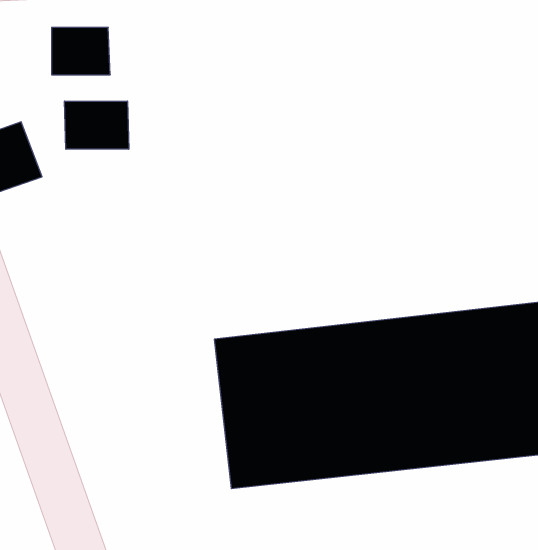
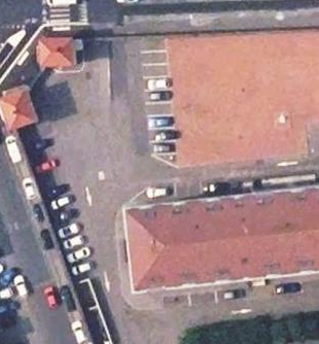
building: [65,101,129,149] -> none

